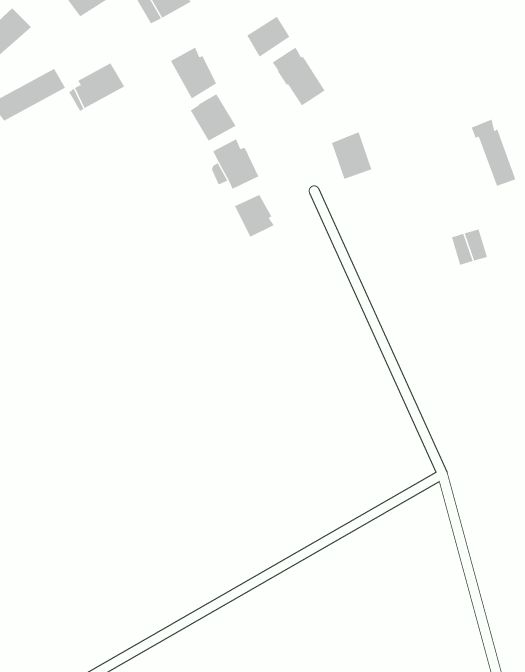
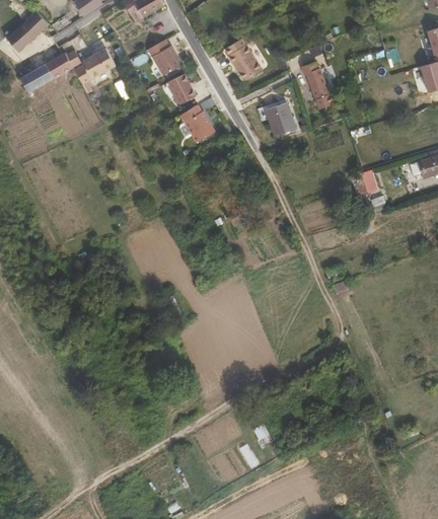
building: [247,16,290,57] -> none
building: [471,119,516,187] -> [300,59,333,107]
building: [234,194,274,238] -> none

